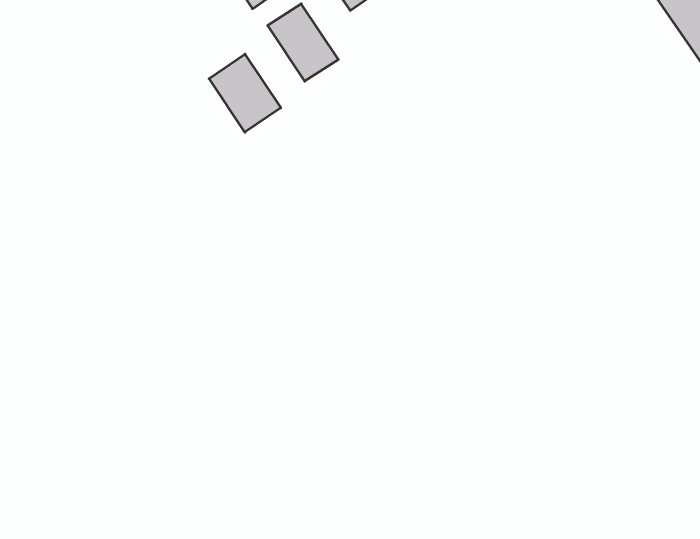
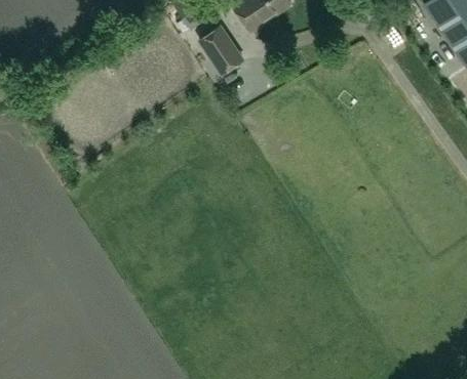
building: [209,54,281,132] -> none

